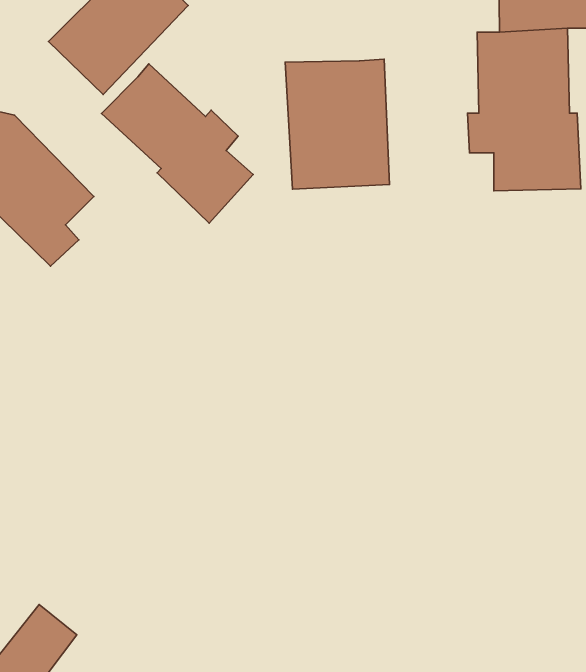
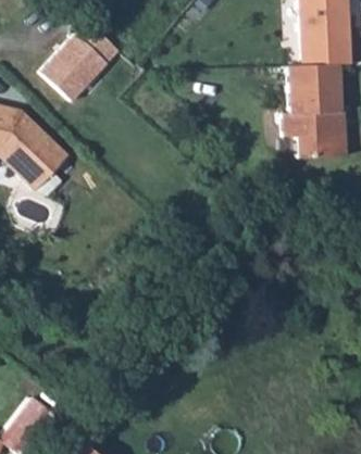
building: [285,59,390,189] -> none
building: [102,64,253,223] -> none

